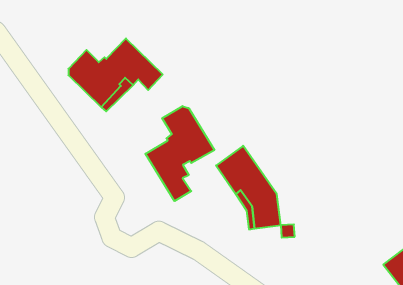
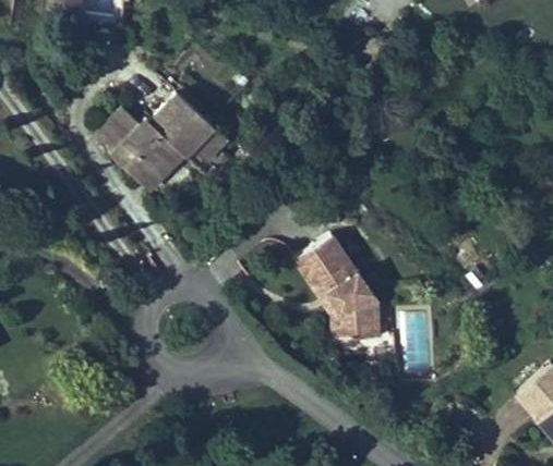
building: [145,106,214,201] -> none

